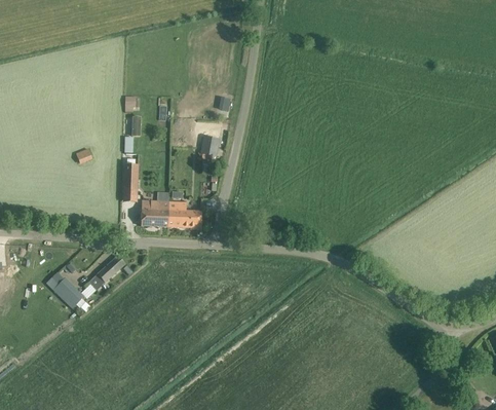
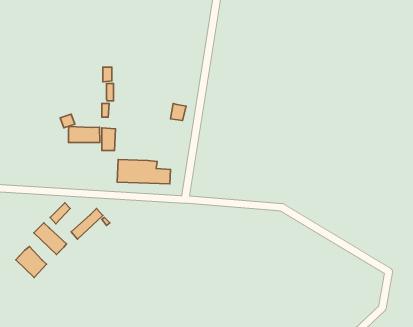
building: none -> [68,127,100,142]
building: none -> [16,246,47,277]

